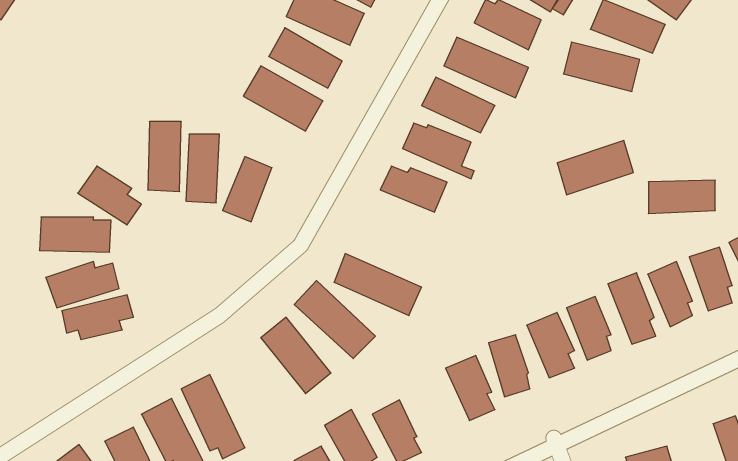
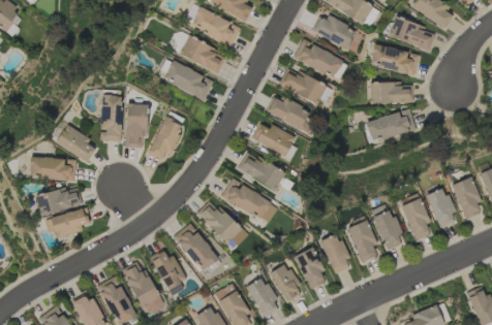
building: [648,180,715,214] -> [369,83,412,104]
building: none -> [237,151,285,191]
building: none -> [150,250,186,296]
building: none -> [270,263,302,302]

